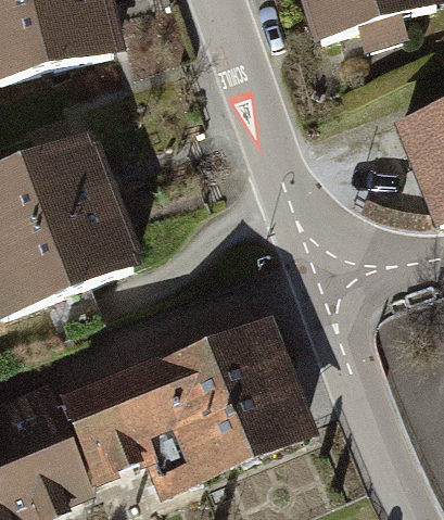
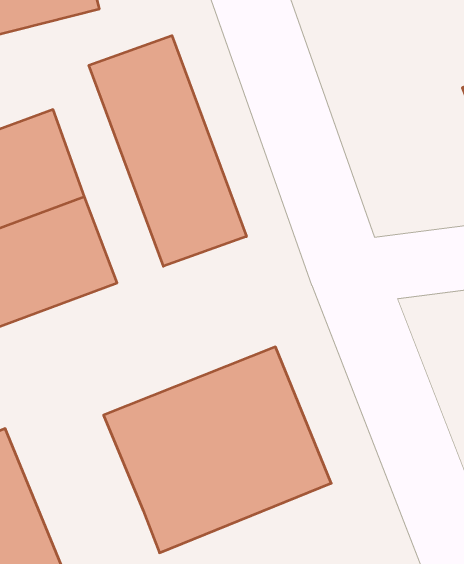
building: none -> [89,36,246,266]
building: [68,380,149,477] -> none

